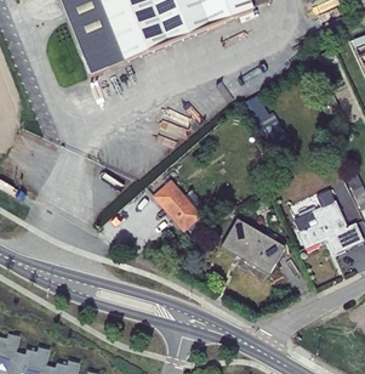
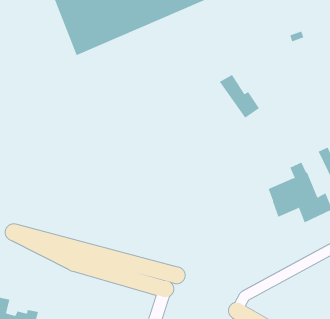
building: [153,180,207,230] -> none
building: [221,219,285,274] -> none

